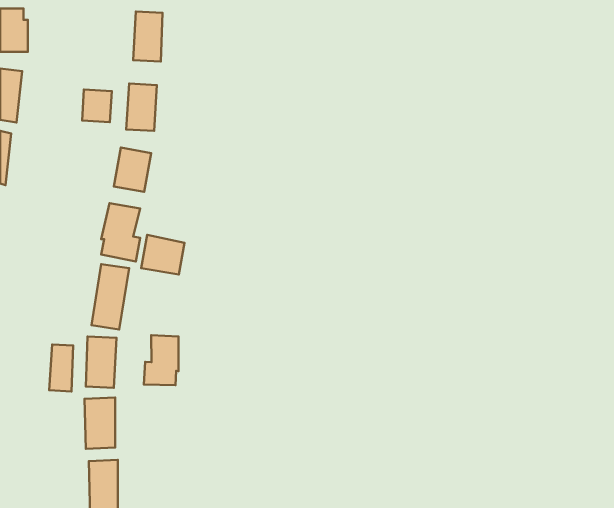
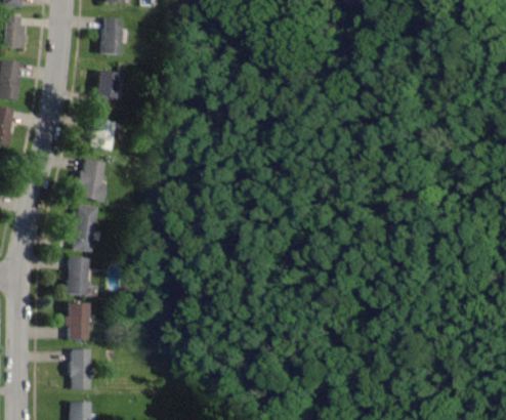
building: [82,89,112,122] -> none
building: [141,235,185,274] -> none
building: [144,335,179,385] -> none
building: [49,345,73,391] -> none

